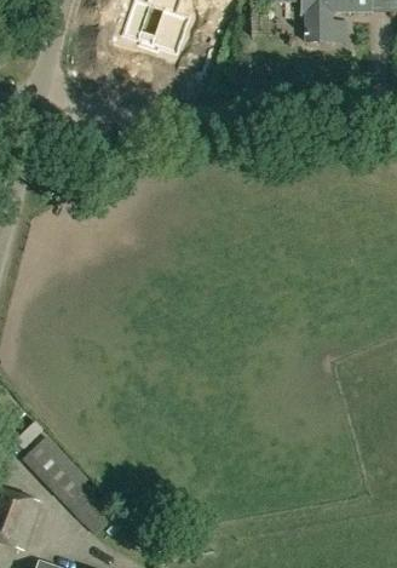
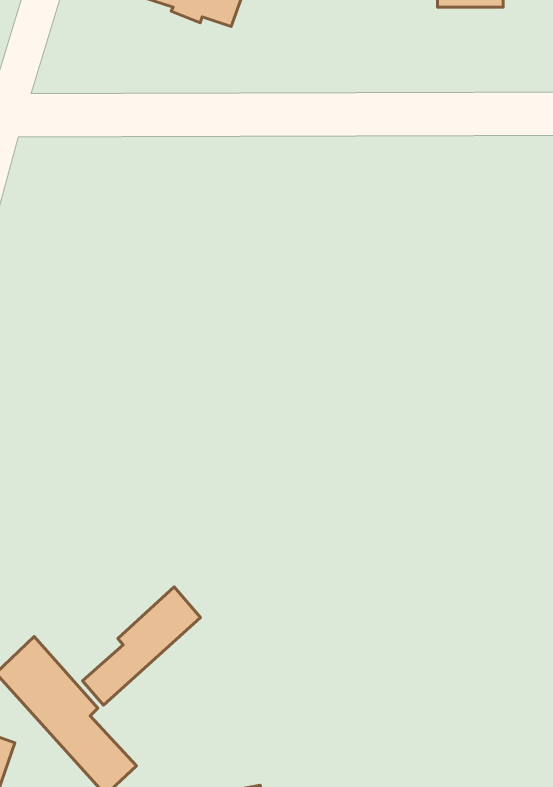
building: none -> [82,587,200,705]

